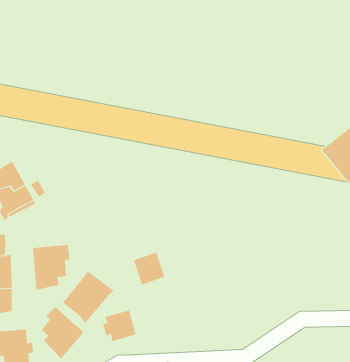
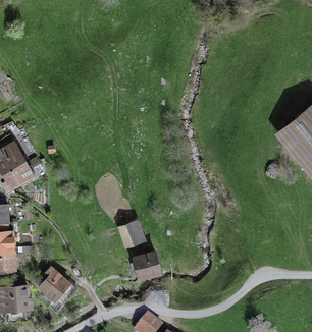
building: [32,244,70,291] -> none
building: [62,271,114,324] -> none
building: [102,310,136,342] -> [132,251,161,278]

